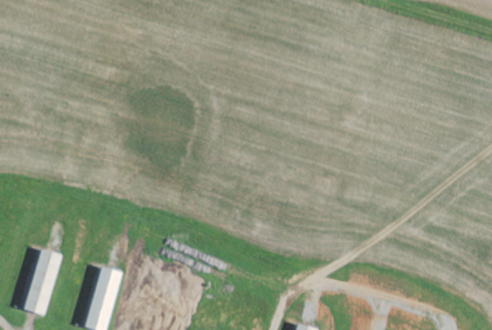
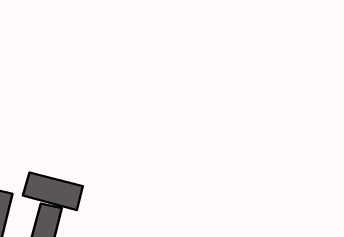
building: none -> [23,173,83,210]

